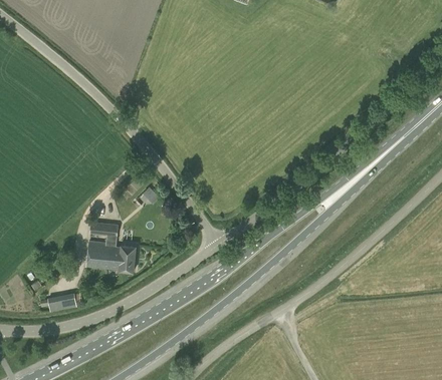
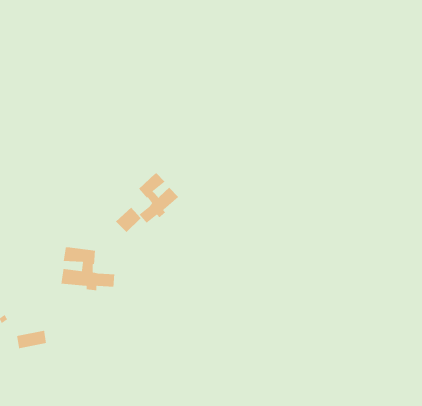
building: none -> [138,172,179,224]
building: [86,254,135,271] -> none

